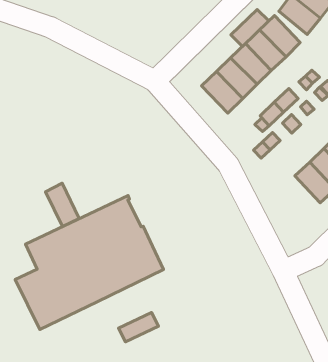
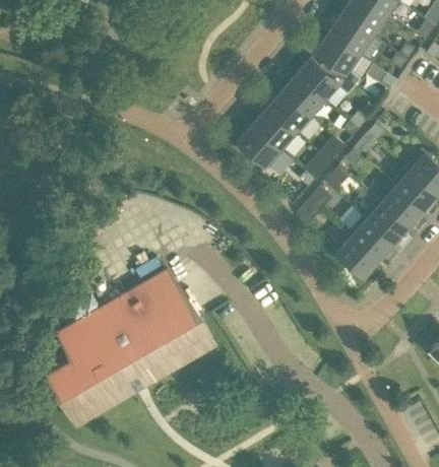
building: [231,9,269,46] -> none
building: none -> [332,232,378,277]
building: [45,183,79,226] -> none
building: [118,312,158,342] -> none

